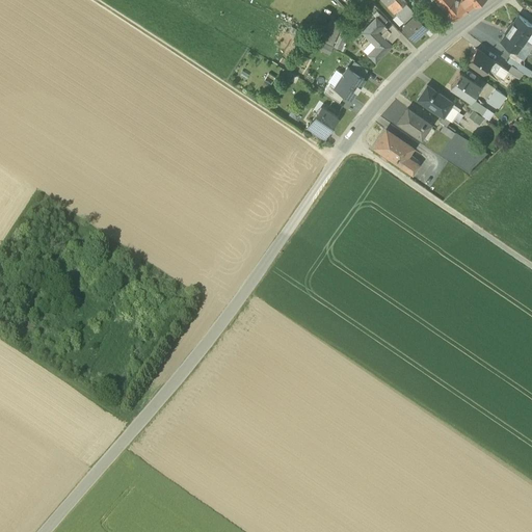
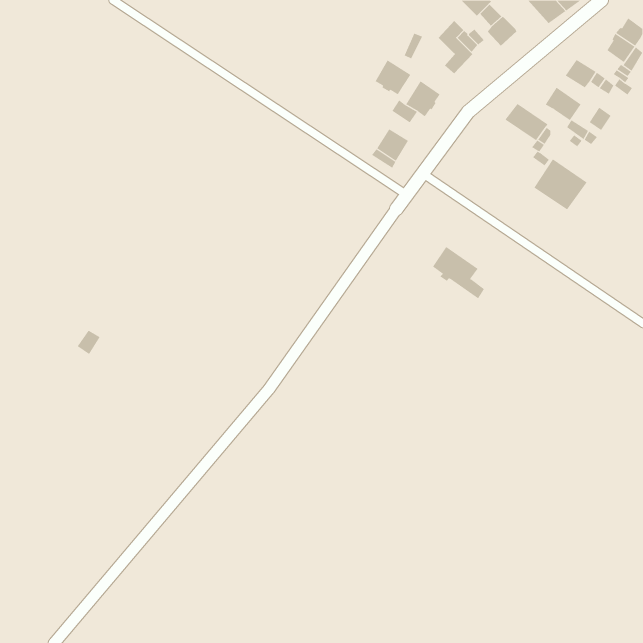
building: none -> [375,60,411,95]
building: [397,108,430,138] -> none
building: [374,130,418,174] -> [432,246,485,299]

